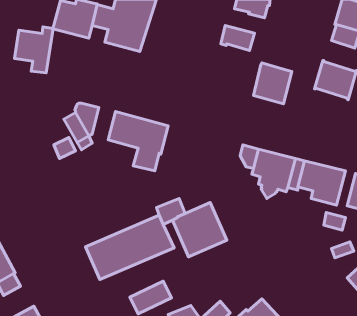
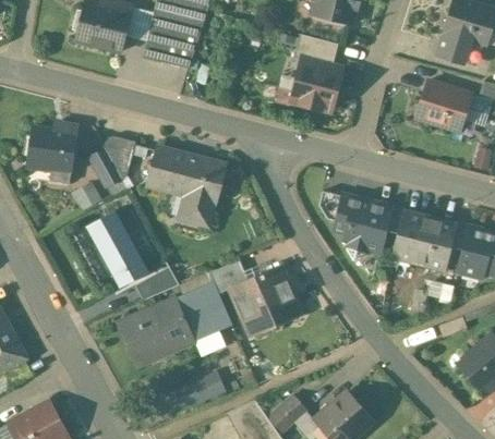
building: [15,27,53,73] -> [26,123,76,183]
building: [253,63,292,104] -> [290,59,340,112]
building: none -> [85,210,148,288]
building: none -> [134,266,179,301]

